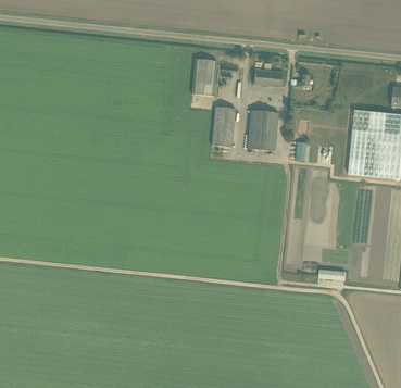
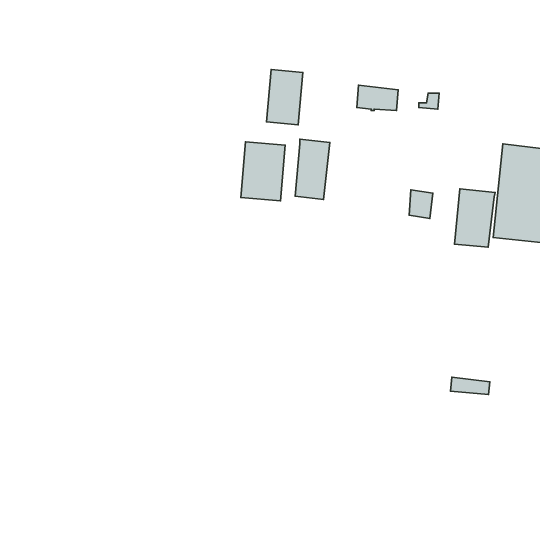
building: [248,111,278,151] -> [241,142,285,201]
building: none -> [455,189,495,247]

